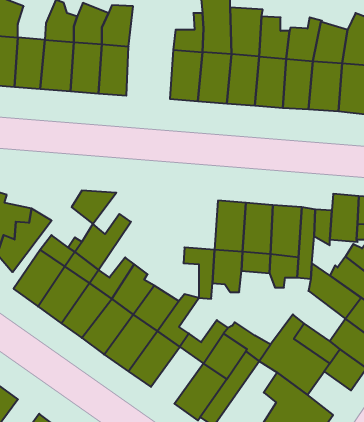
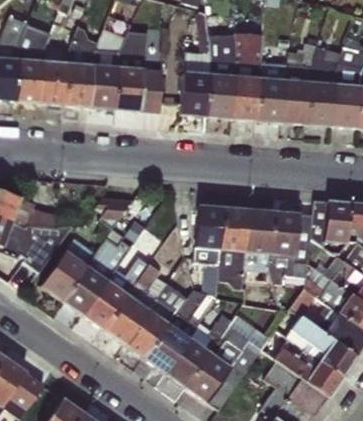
building: none -> [141,68,163,113]
building: none -> [193,204,223,250]
building: none -> [163,337,210,388]
building: none -> [303,359,342,398]

